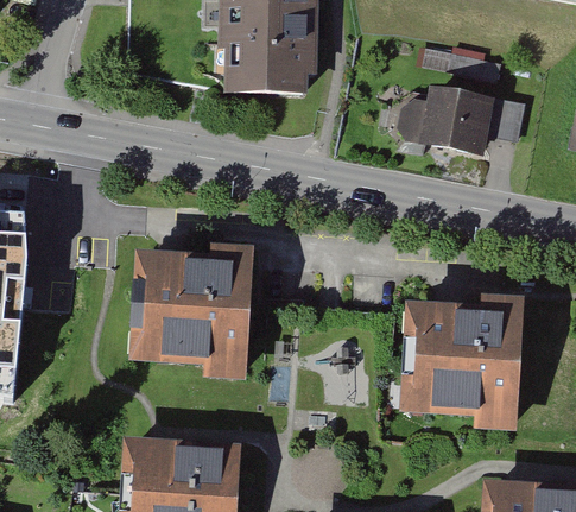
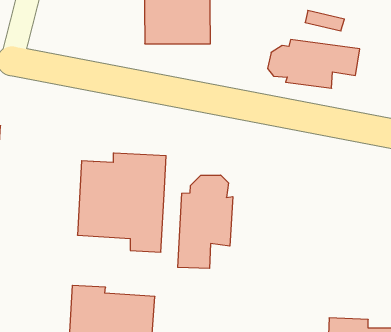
building: none -> [178,175,233,268]
building: [406,292,525,425] -> none

